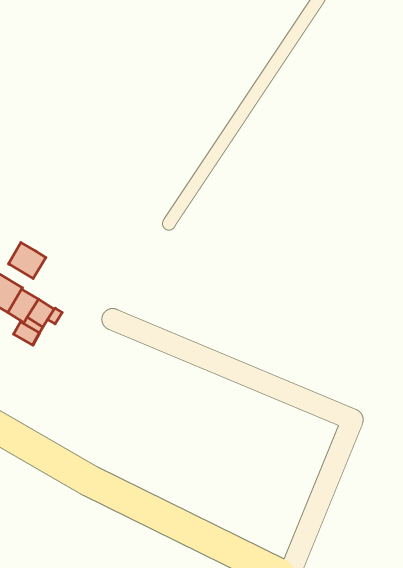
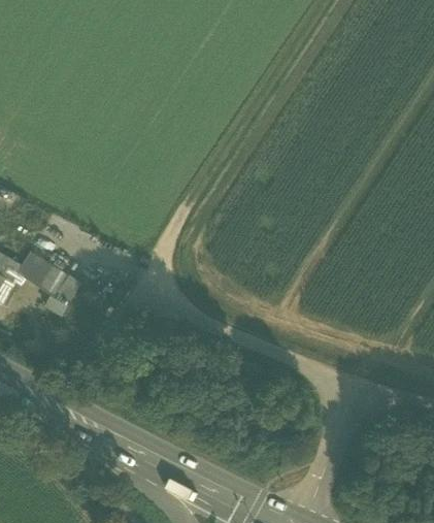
building: [8,243,46,279] -> none

